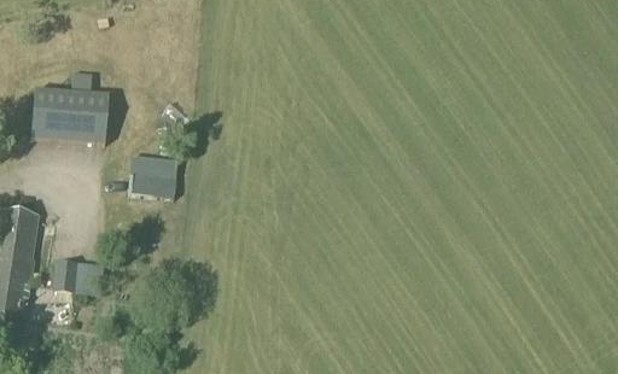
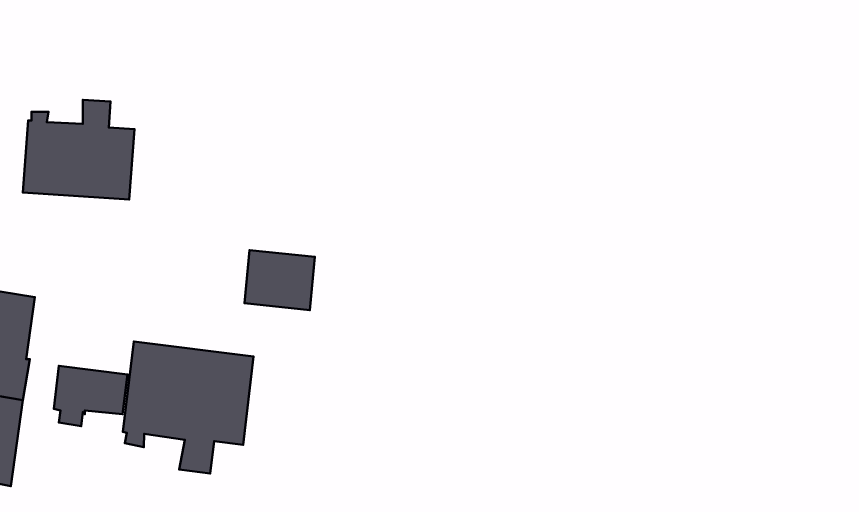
building: [127,156,176,198] -> [244,250,315,310]
building: none -> [123,342,253,473]

